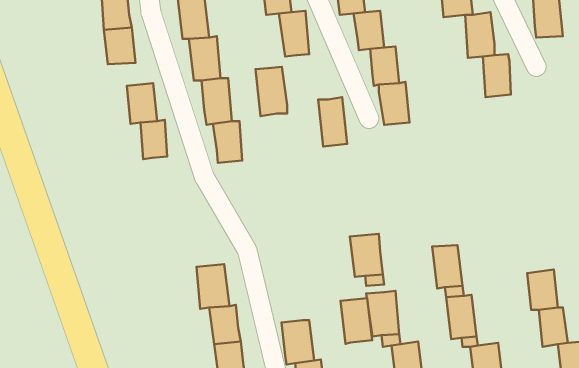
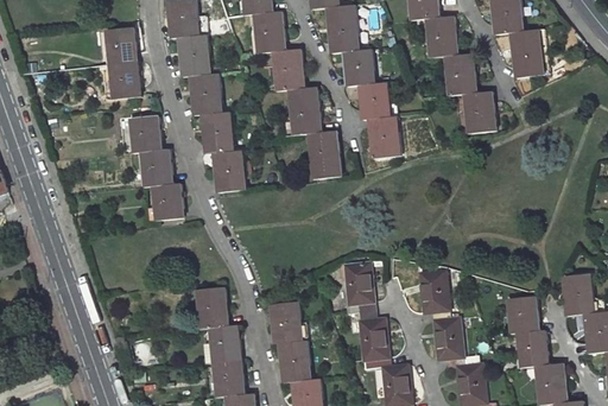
building: [255,67,287,116] -> [291,89,321,135]
building: none -> [156,186,182,222]
building: [340,298,372,344] -> [267,300,297,343]

